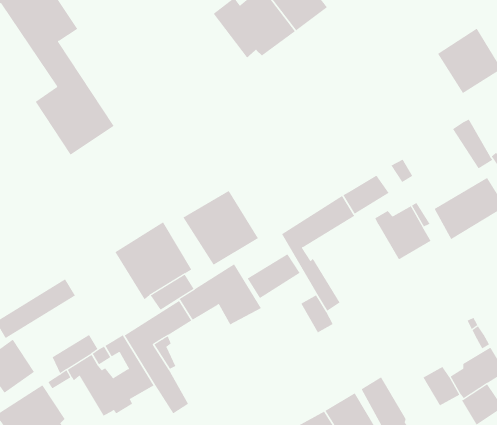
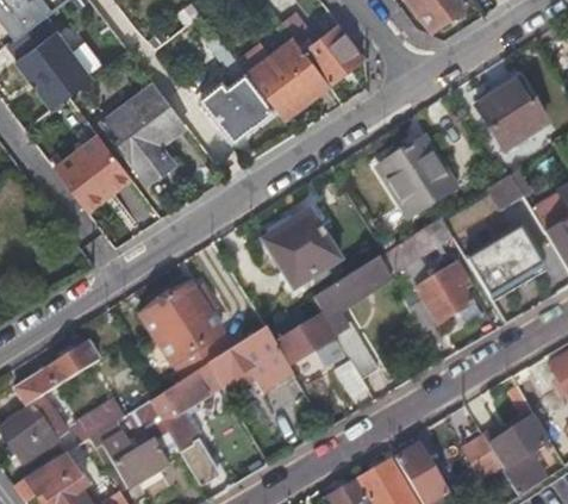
building: none -> [212,75,270,137]
building: none -> [102,85,185,181]
building: none -> [377,136,452,216]
building: [182,190,259,266] -> [258,206,338,285]

